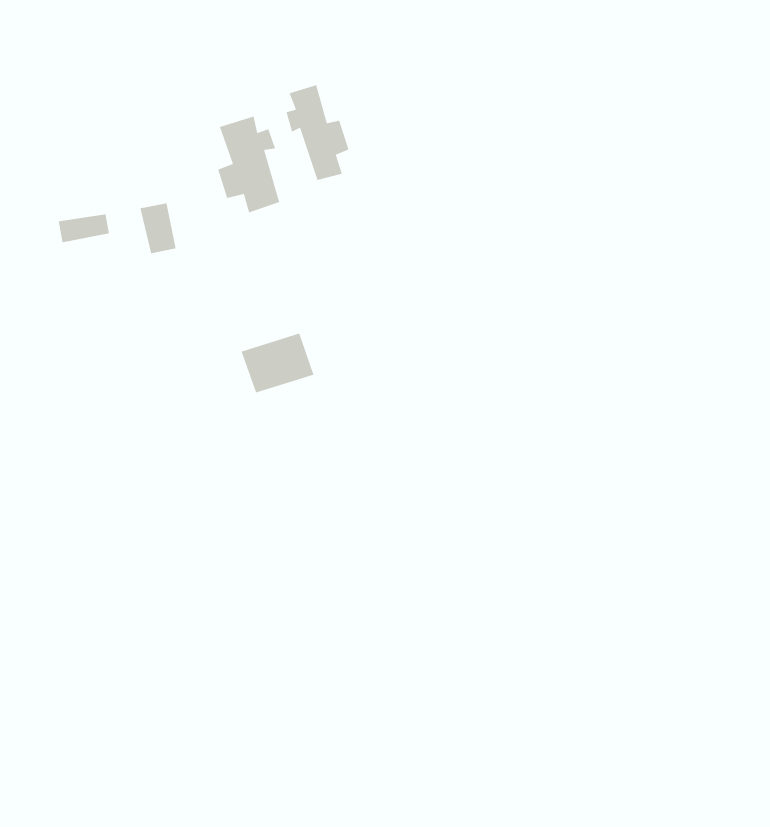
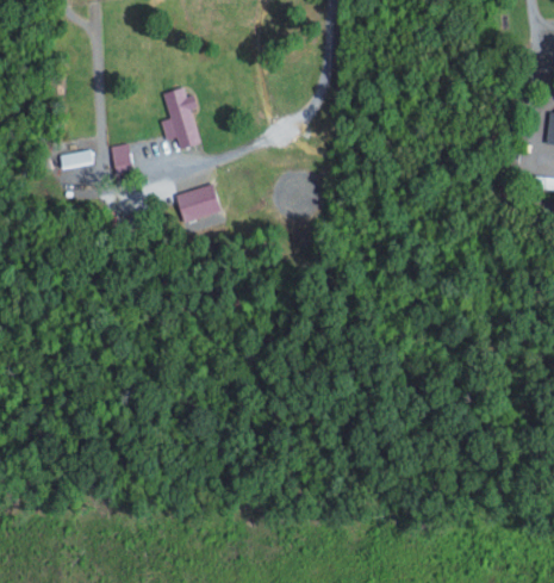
building: [286,84,349,181] -> none
building: [241,333,315,394] -> [175,184,223,223]

